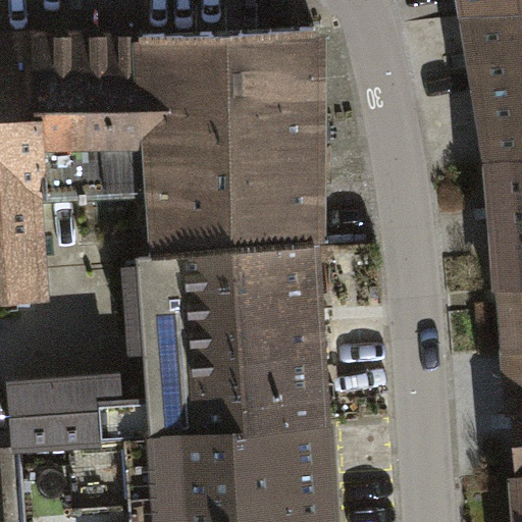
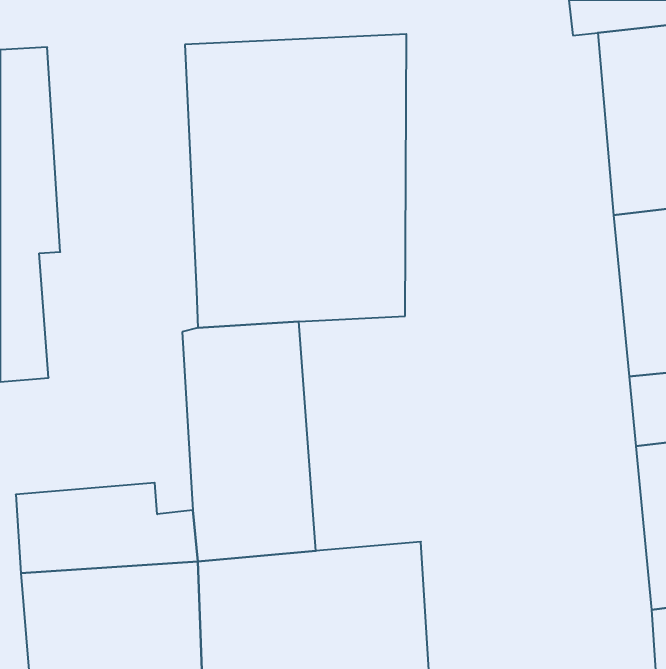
building: [40,36,156,242] -> none
building: [236,247,330,429] -> none

